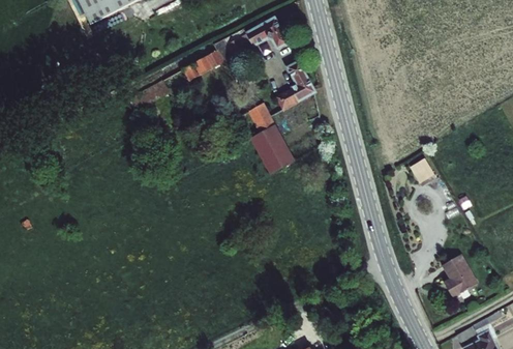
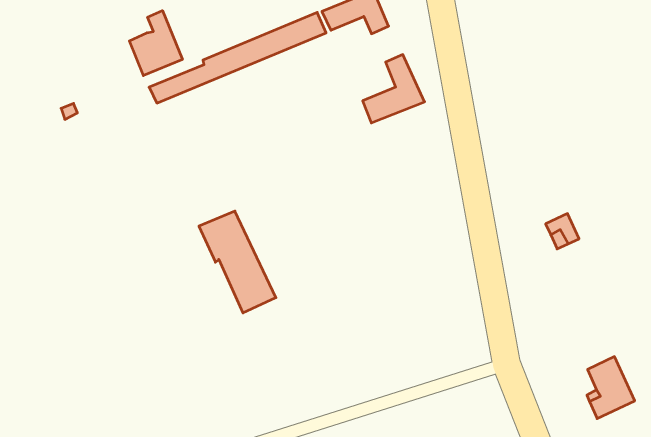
building: none -> [129,11,182,76]
building: [238,103,295,172] -> [199,211,276,313]

